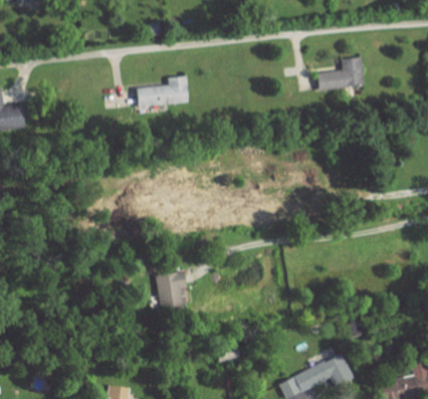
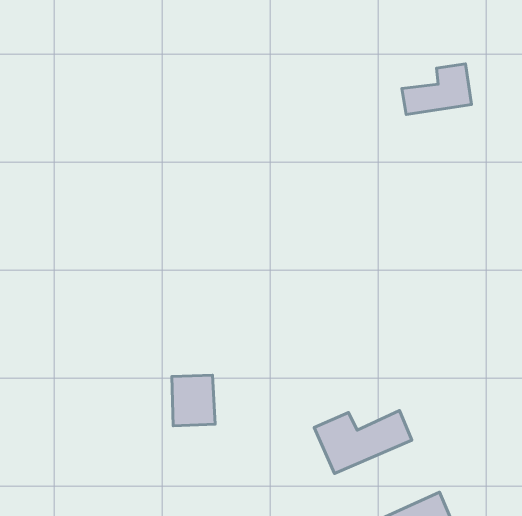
building: [136,76,188,107] -> none
building: none -> [314,410,412,473]

